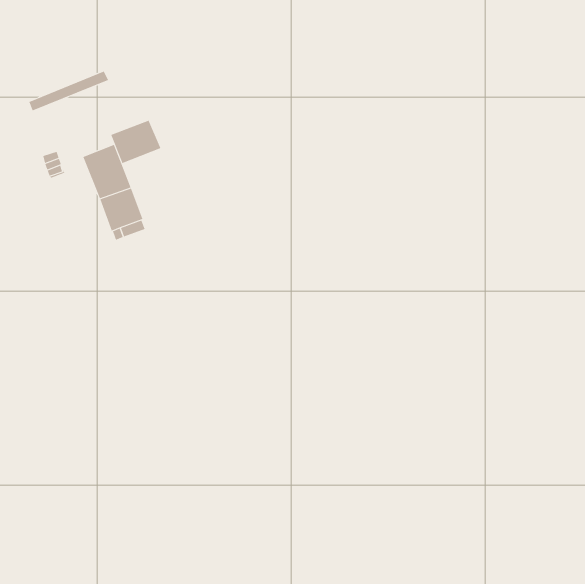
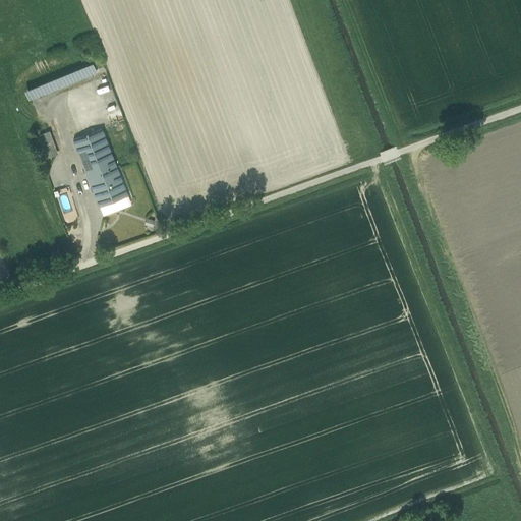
building: [111,120,161,164] -> none

